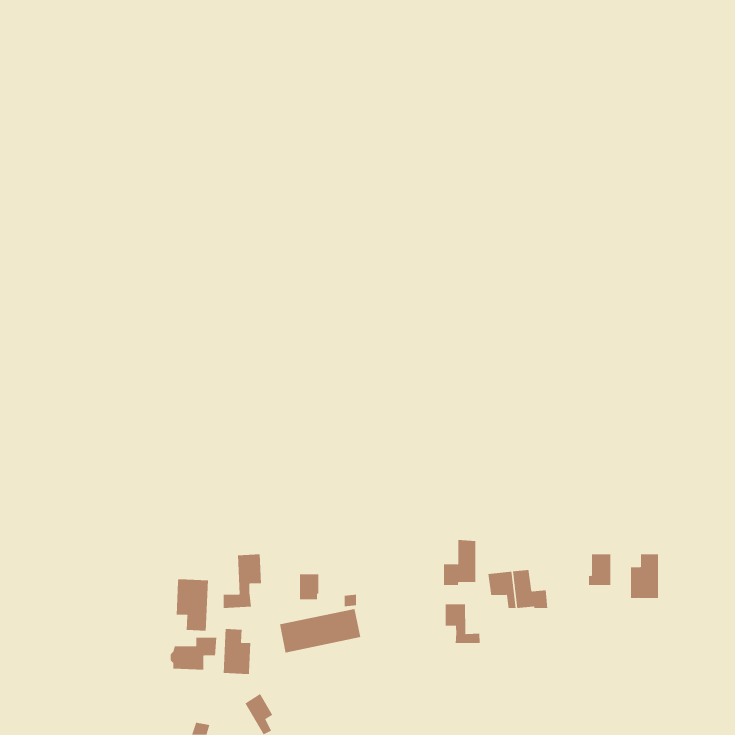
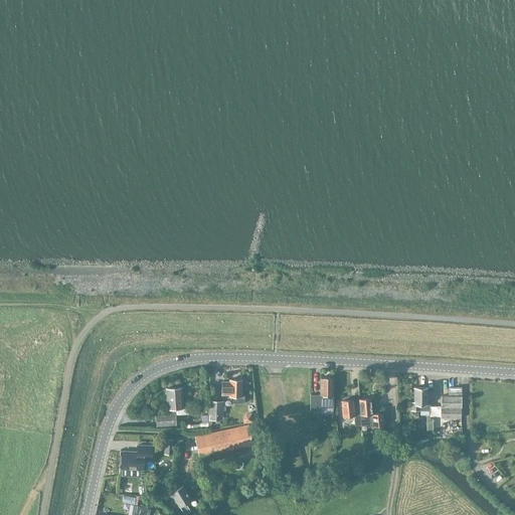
building: none -> [221,379,244,403]
building: [176,578,208,631] -> none
building: [445,603,480,644] -> none
building: [223,628,251,675] -> none

